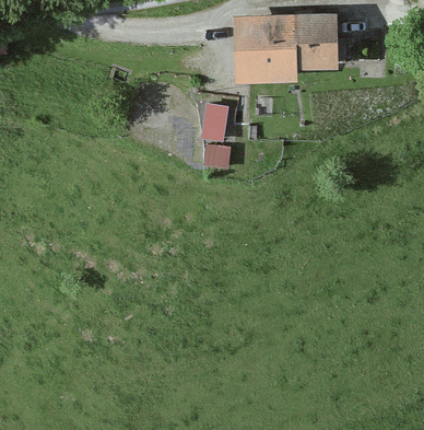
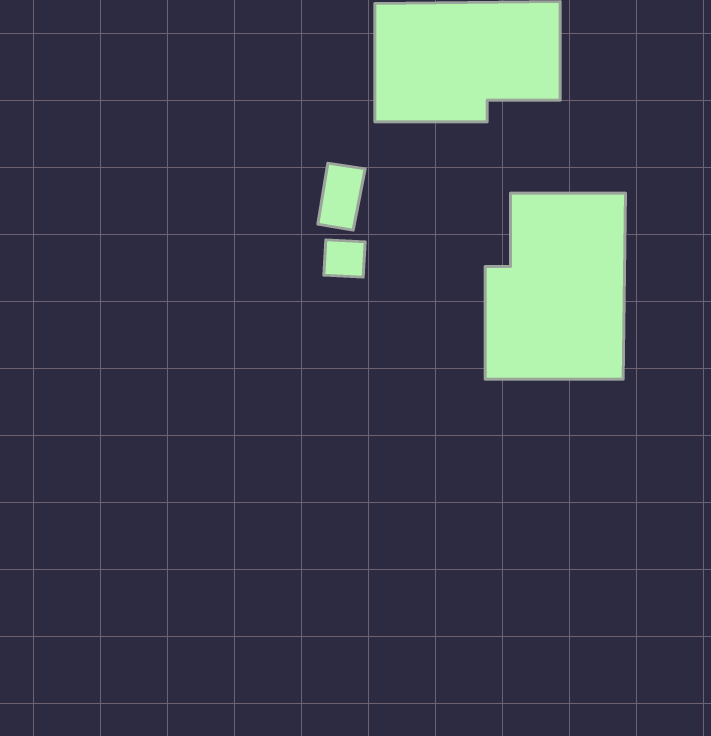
building: none -> [485,193,625,379]

